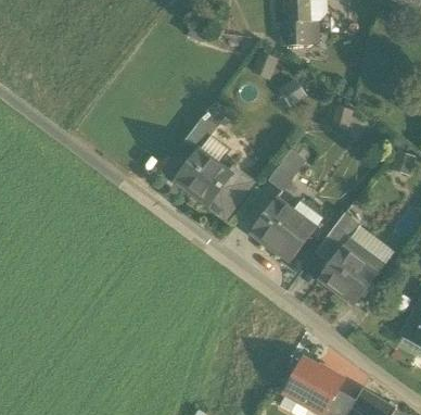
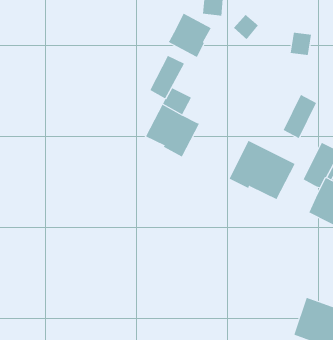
building: none -> [168,13,212,58]
building: [270,148,307,190] -> [283,94,317,139]
building: [210,167,252,214] -> none

